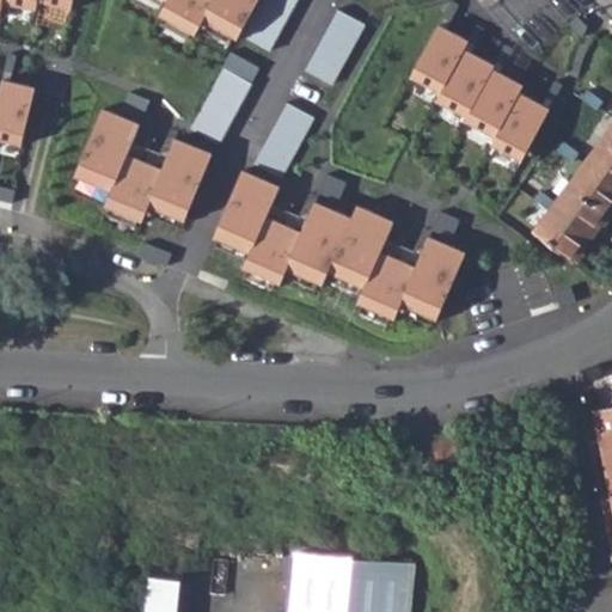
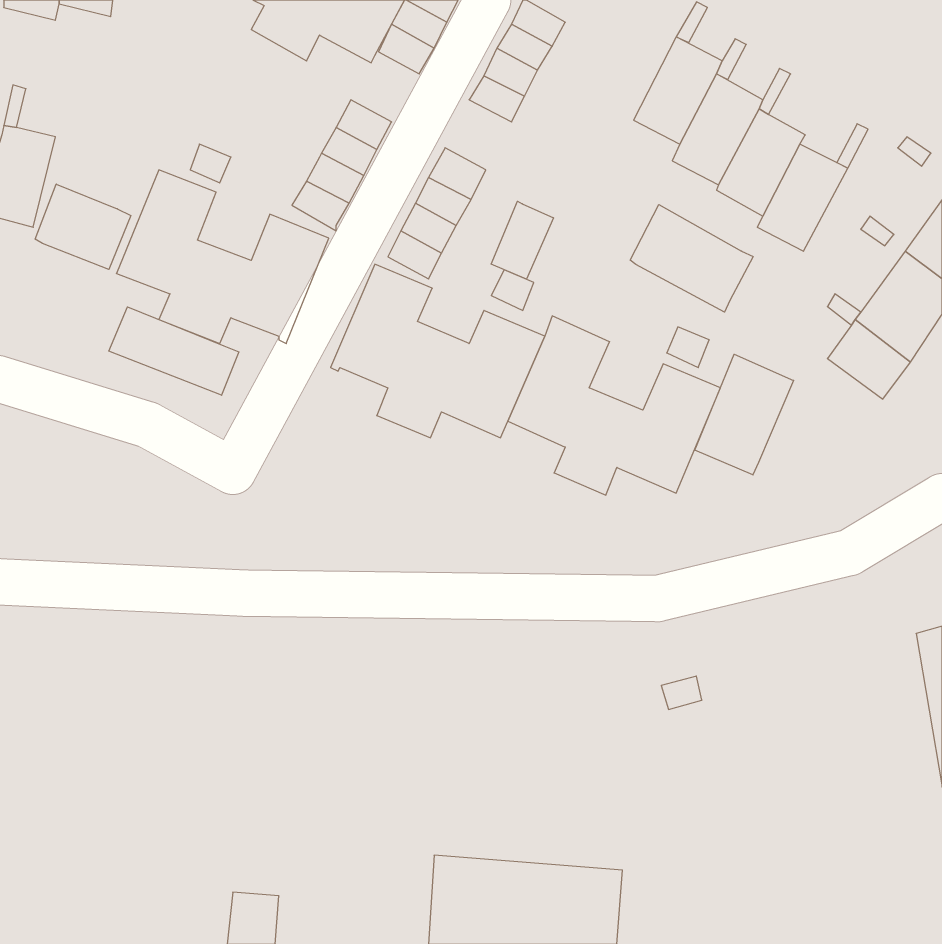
building: none -> [35,184,131,269]
building: none -> [491,201,553,279]
building: none -> [630,205,753,312]
building: none -> [109,307,239,395]
building: none -> [695,354,794,475]

